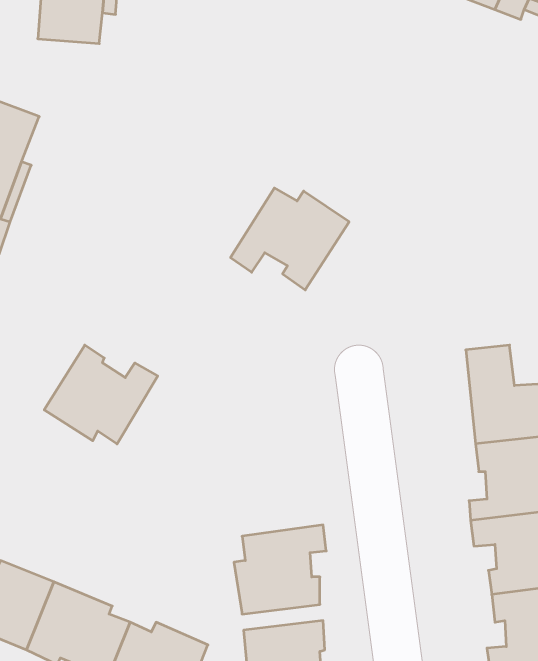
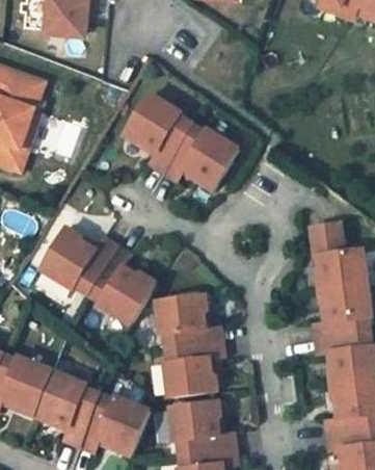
building: none -> [125,93,190,168]
building: none -> [89,244,155,320]
building: none -> [157,294,221,347]

